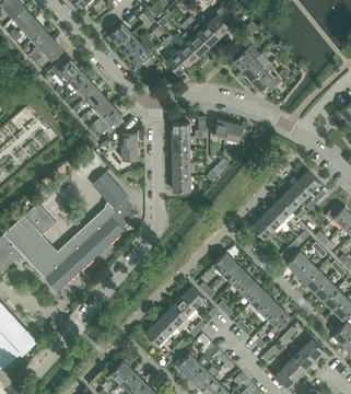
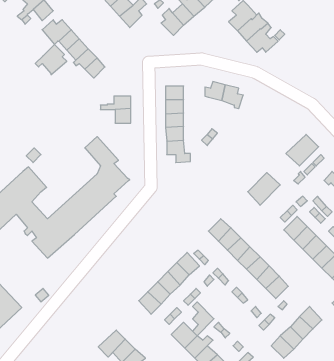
building: [94,106,125,136] -> [35,44,67,75]
building: [270,190,302,221] -> none

